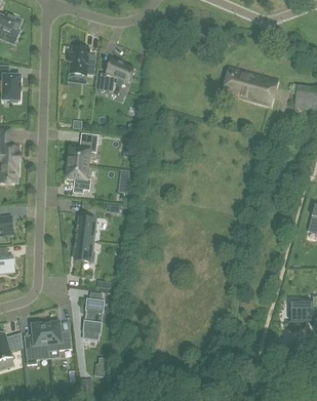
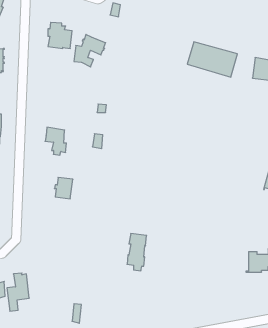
building: [68,133,97,164] -> none
building: [74,238,94,260] -> none
building: [82,297,104,338] -> [127,234,147,271]
building: [45,320,71,350] -> none

